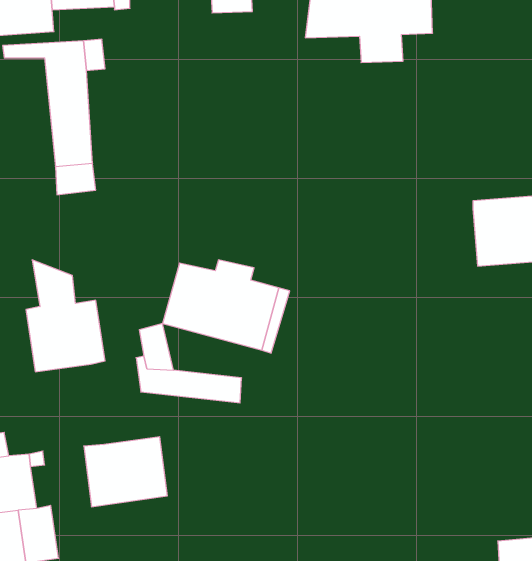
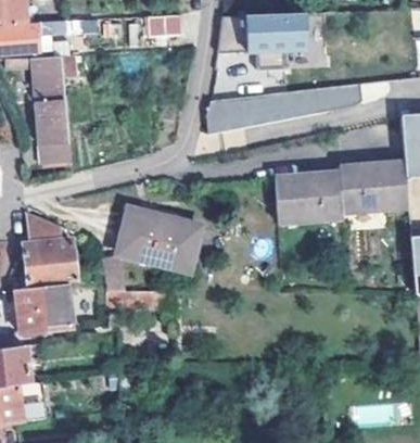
building: none -> [207,84,364,131]
building: none -> [269,173,339,224]
building: [84,437,167,507] -> [14,281,73,330]

